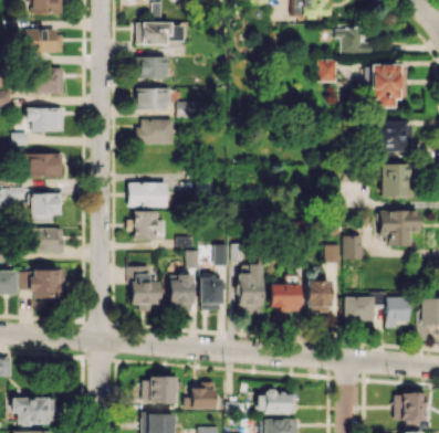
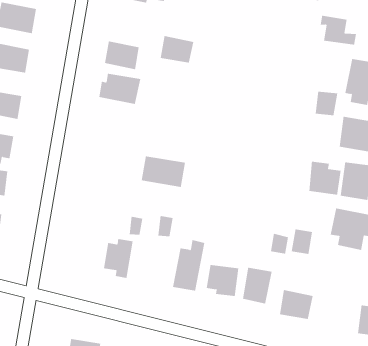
building: [138,56,168,78] -> [160,36,194,63]
building: [317,59,337,82] -> [315,91,338,116]
building: none -> [309,161,341,195]
building: [128,182,168,207] -> [141,156,186,187]
building: [134,211,165,239] -> none
building: [130,266,160,310] -> none
building: [200,275,223,310] -> none
building: [386,297,408,328] -> none

